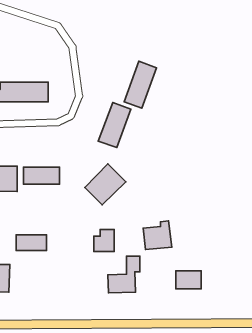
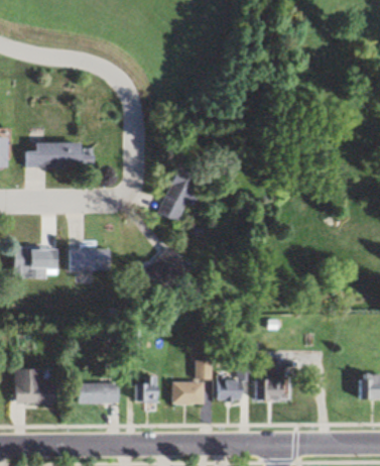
building: [124,61,157,108] -> none
building: [143,221,172,249] -> [214,365,249,400]
building: [94,230,114,252] -> [133,375,158,402]
building: [16,235,47,250] -> [82,383,119,402]

